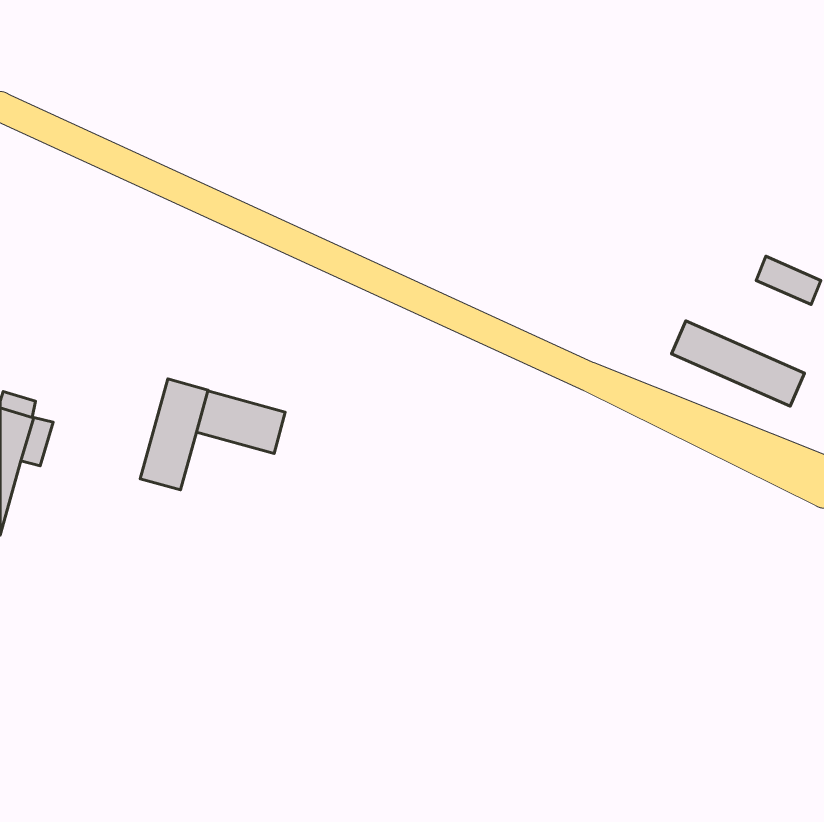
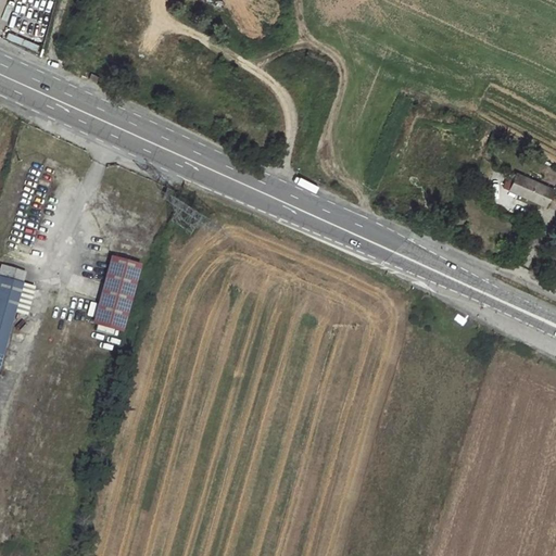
building: [671,321,804,406] -> none
building: [197,391,285,453] -> none

